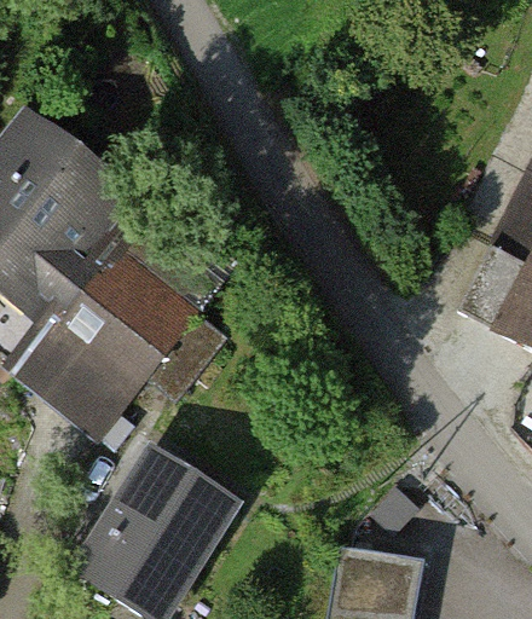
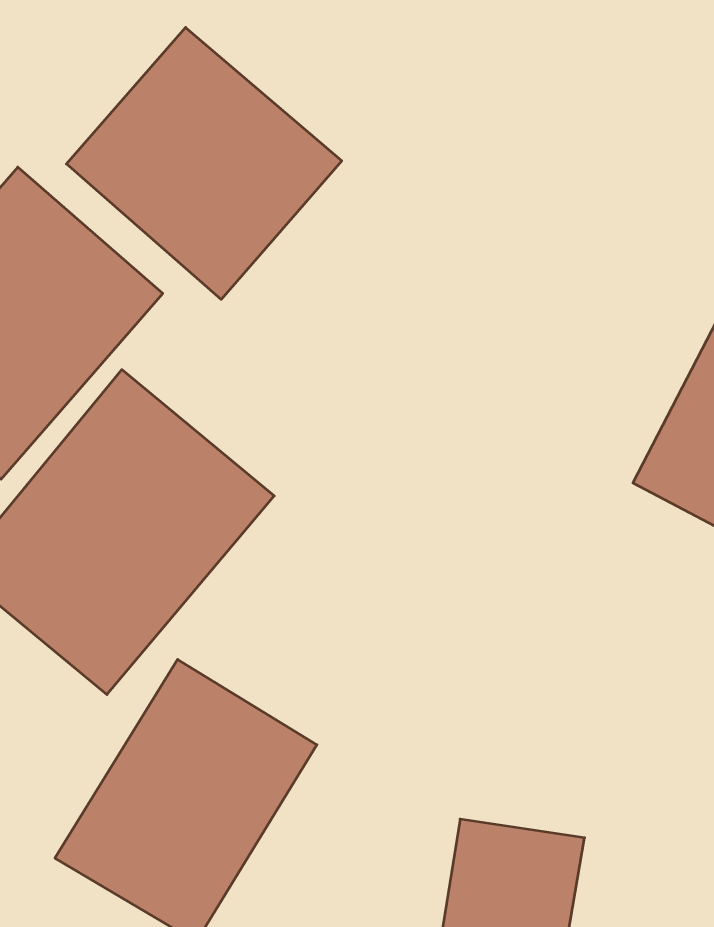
building: none -> [66,27,342,299]

